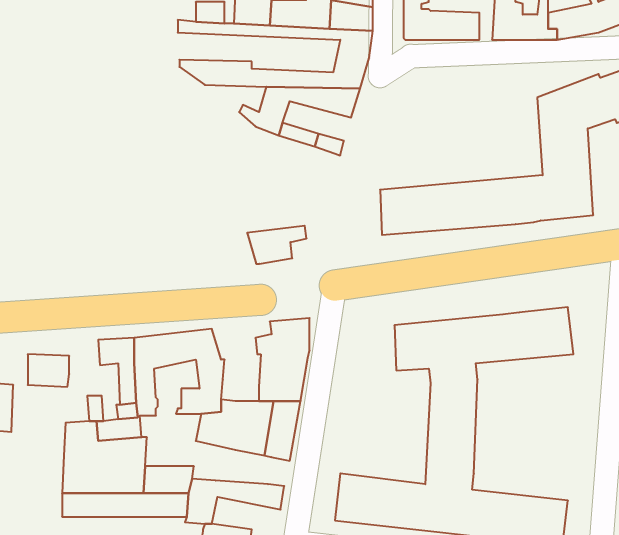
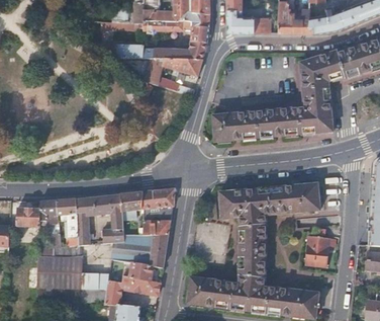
building: [247,226,307,264] -> [119,190,153,212]
building: none -> [39,200,57,225]
building: none -> [306,235,328,265]
building: none -> [121,262,153,282]

